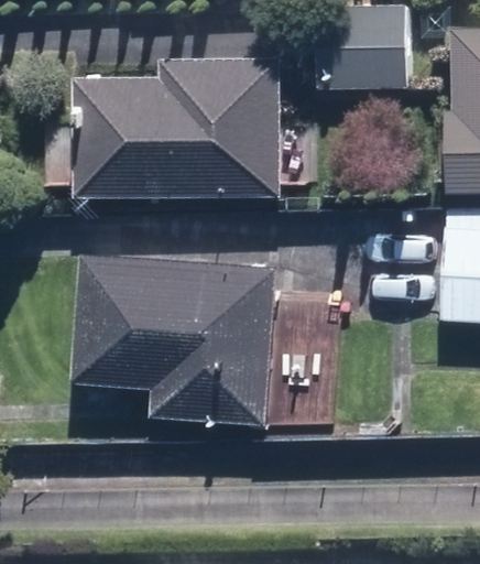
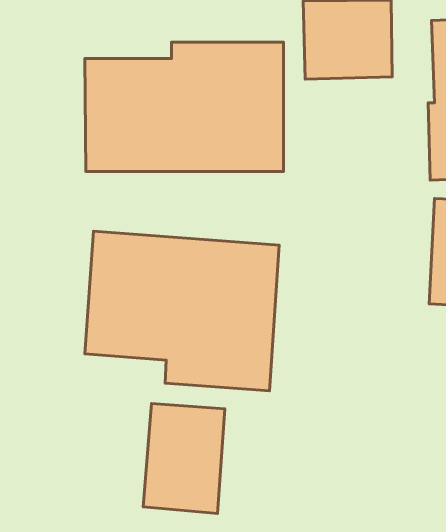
building: none -> [143,403,225,514]

